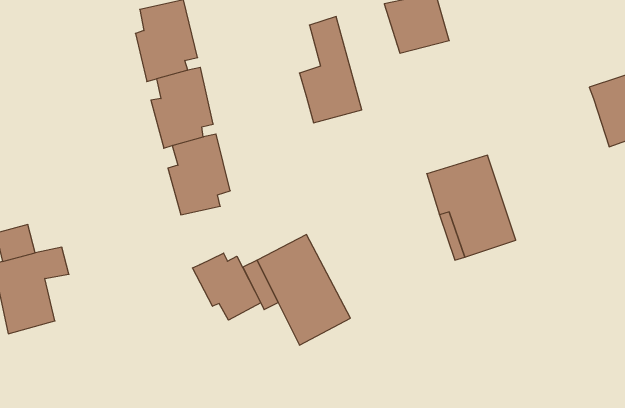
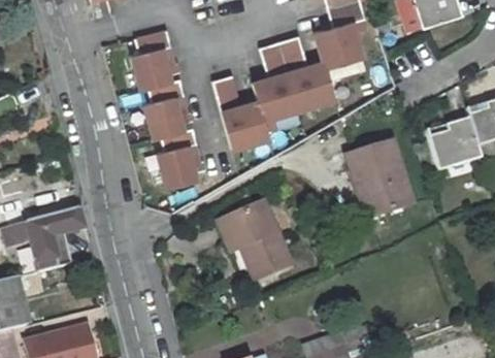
building: none -> [279,37,334,110]
building: none -> [212,75,268,149]
building: none -> [425,102,482,159]
building: [192,253,261,320] -> none

